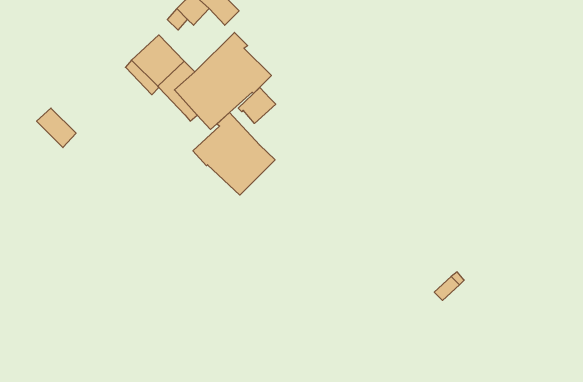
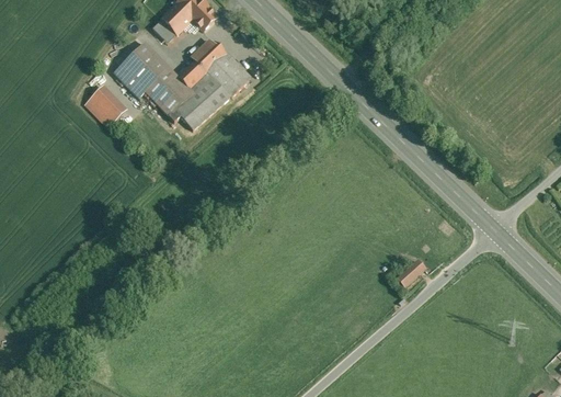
building: [238,88,276,123] -> none
building: [37,108,76,148] -> [87,91,123,127]
building: [193,112,275,195] -> none

